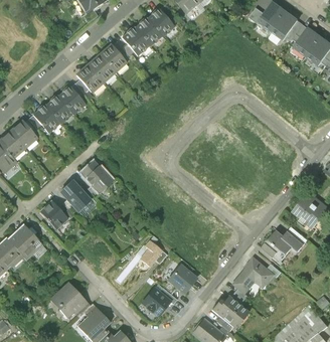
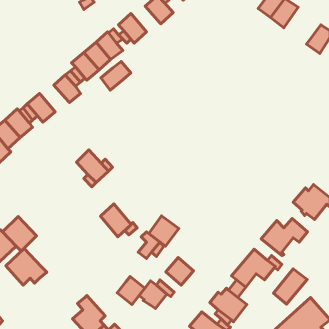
building: [135,17,162,45] -> none
building: [294,28,320,56] -> none
building: none -> [101,61,131,90]
building: [45,95,72,123] -> none
building: [60,179,91,211] -> [100,204,131,237]
building: [39,201,67,229] -> none
building: none -> [149,216,179,246]
building: none -> [274,269,307,304]
building: [48,282,89,318] -> [6,248,47,285]
building: none -> [117,277,145,304]

